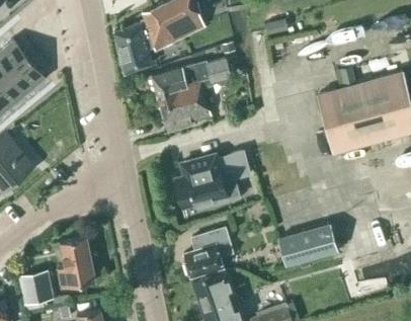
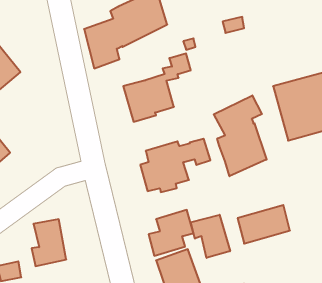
building: [151,61,209,94] -> none
building: none -> [214,95,267,176]
building: none -> [191,215,230,258]

